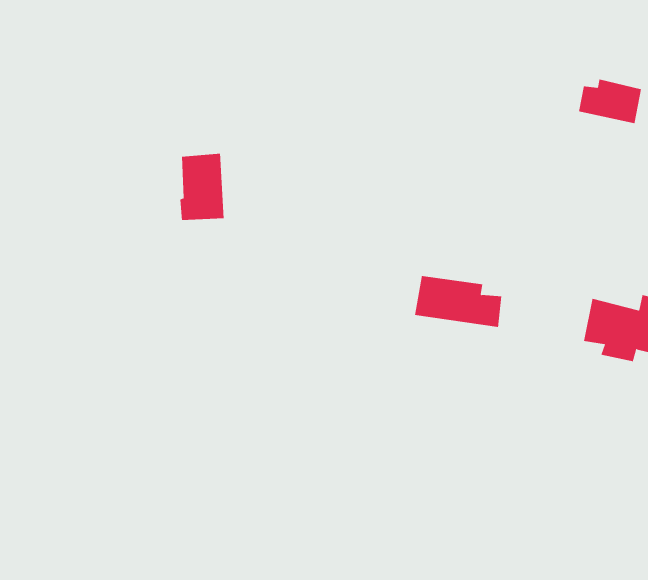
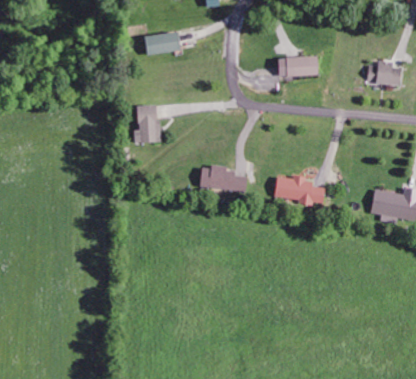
building: none -> [143,30,180,56]
building: none -> [278,56,319,76]
building: none -> [199,167,245,192]

